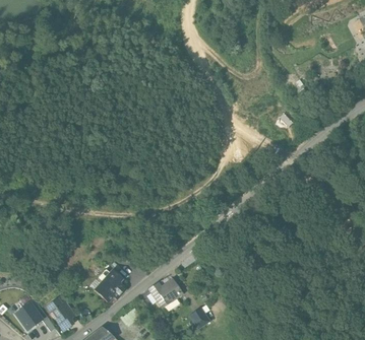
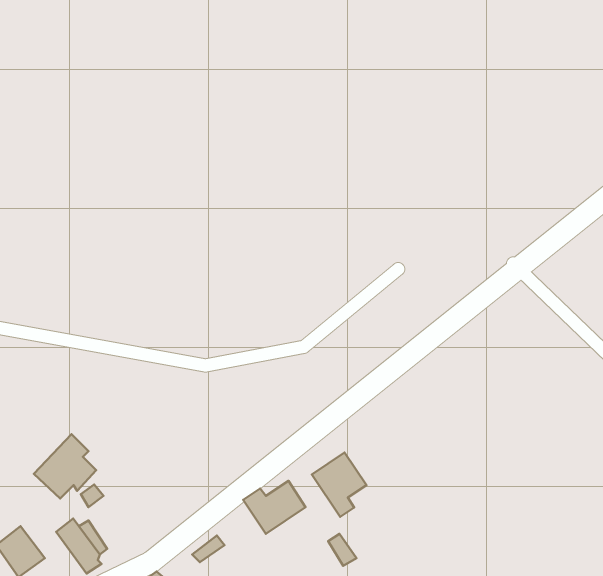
building: none -> [312,453,367,517]
building: [92,268,125,302] -> [34,434,96,498]

